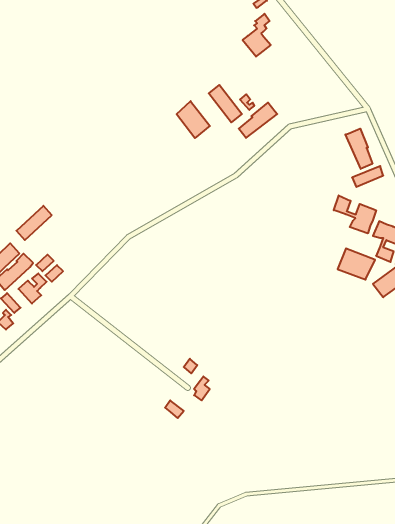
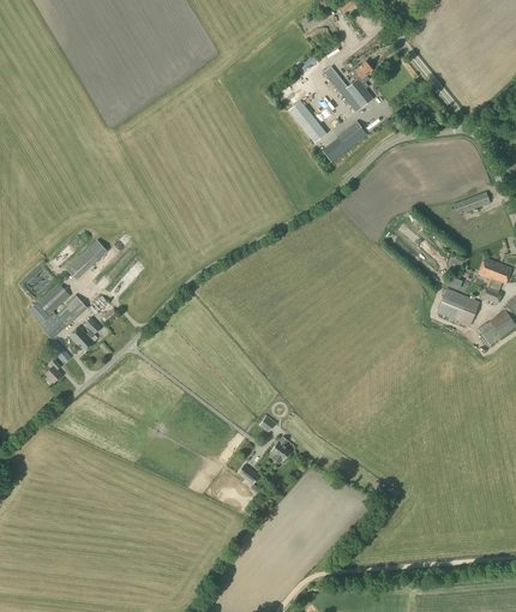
building: [243,14,271,57] -> [341,61,373,110]
building: [177,101,210,138] -> none
building: [345,129,372,169] -> none
building: [334,195,376,233] -> none

